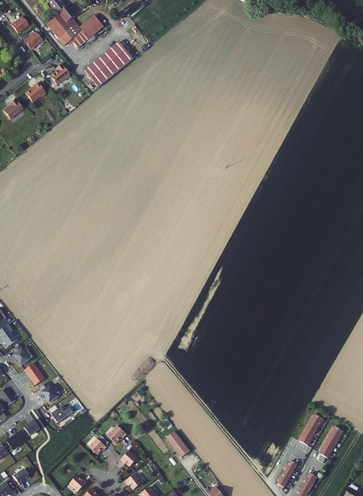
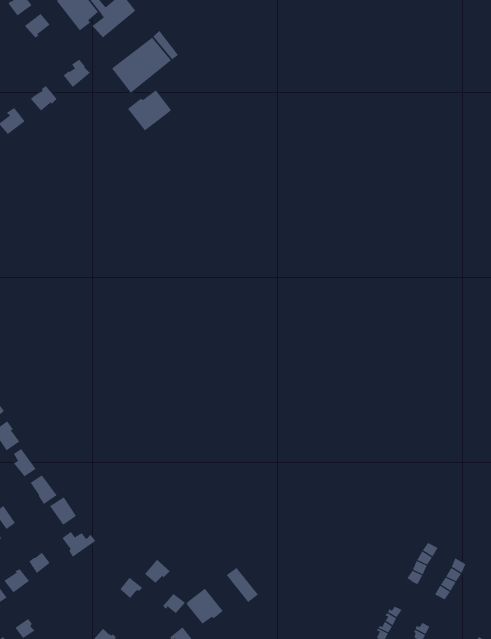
building: none -> [127,90,171,131]
building: none -> [186,588,224,625]

